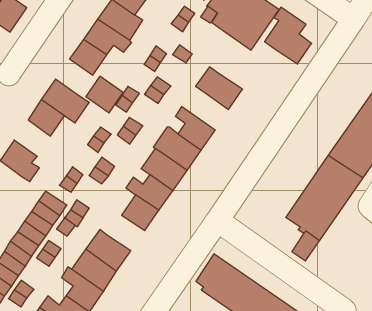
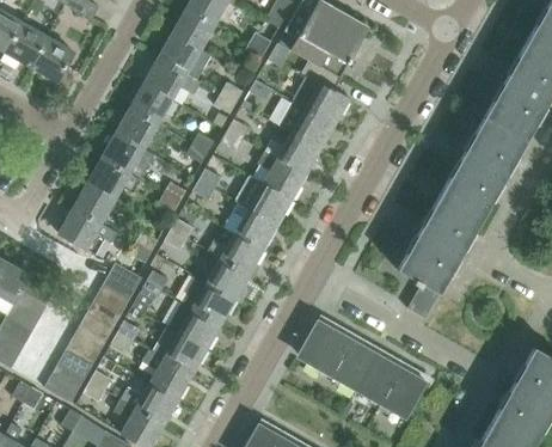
building: [265,7,312,64] -> [294,60,349,124]
building: [86,76,123,113] -> [116,106,159,148]
building: none -> [265,133,320,174]
building: none -> [74,182,116,223]
building: none -> [183,277,235,324]

